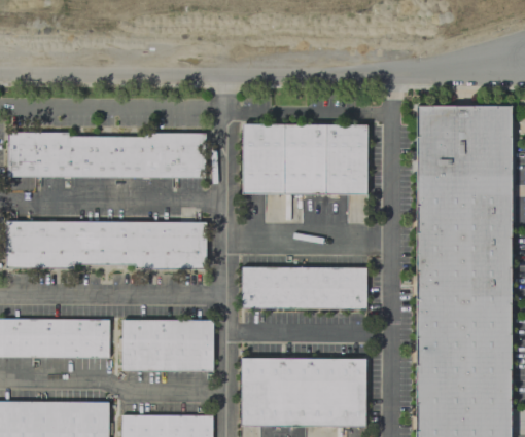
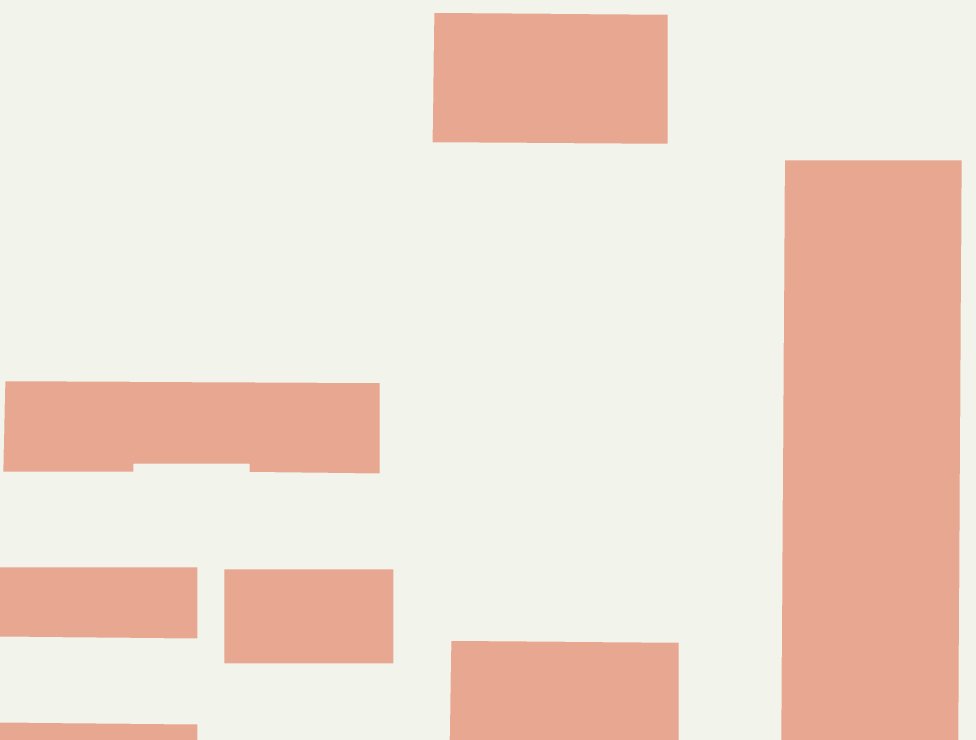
building: [242,124,367,194] -> [432,13,668,144]
building: [7,133,206,177] -> none
building: [242,267,366,308] -> none

